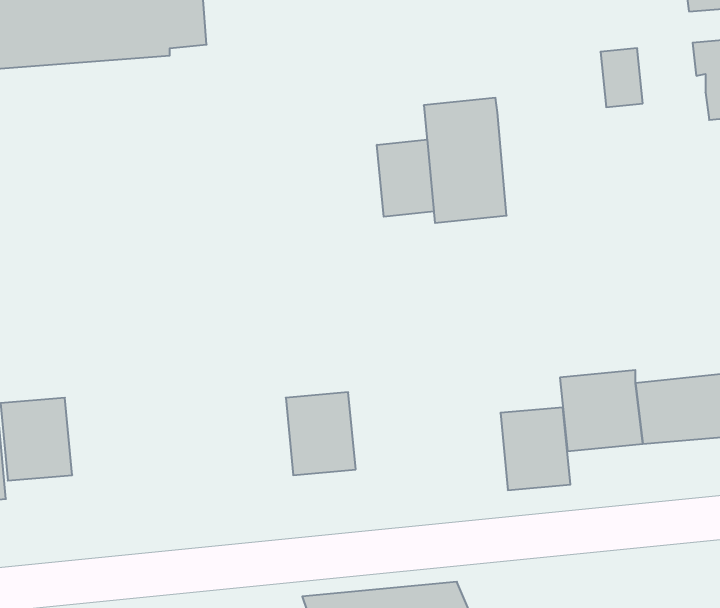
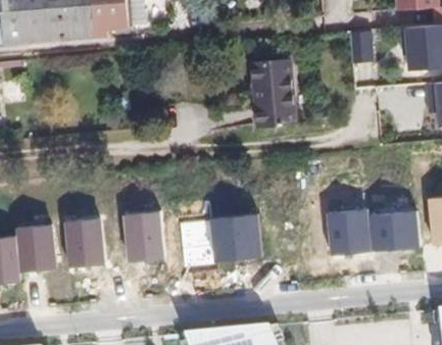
building: [377,139,434,217] -> none
building: none -> [126,211,165,257]
building: none -> [65,217,105,264]
building: [500,407,570,490] -> [224,214,262,260]

